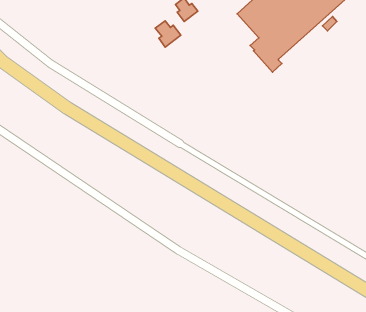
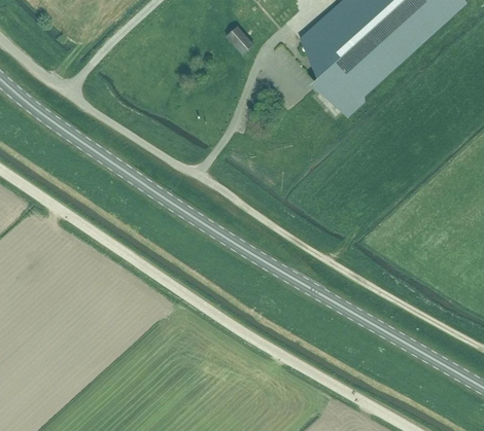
building: [155,21,181,47] -> none

